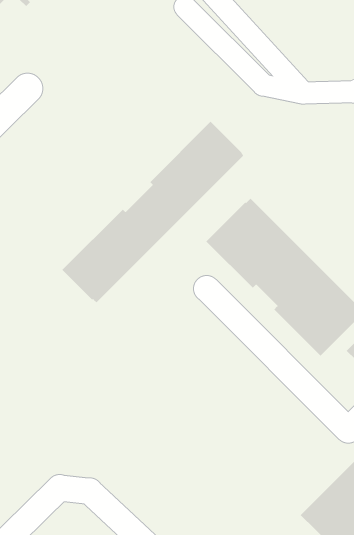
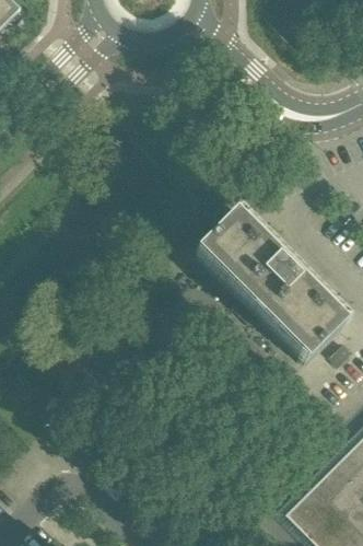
building: [62,121,244,303] -> none

